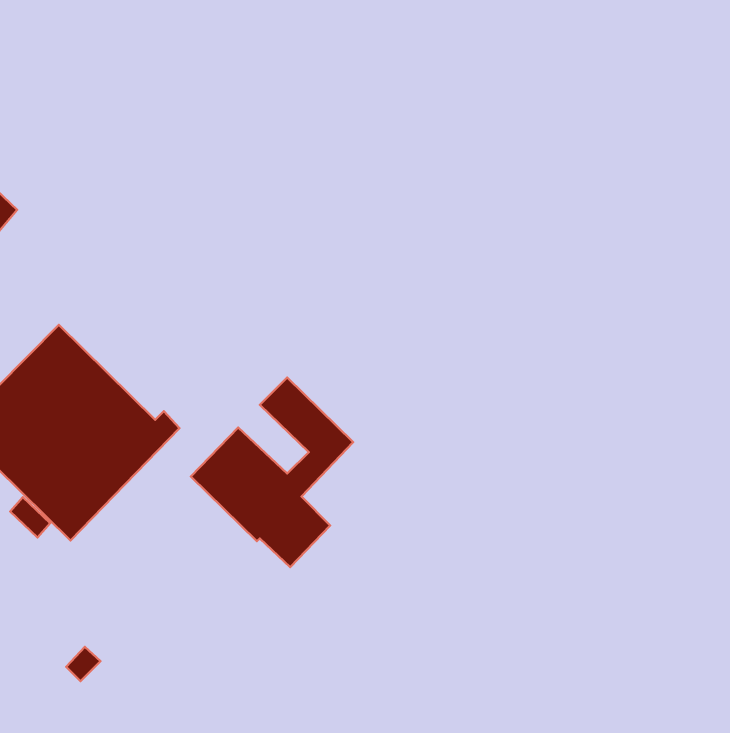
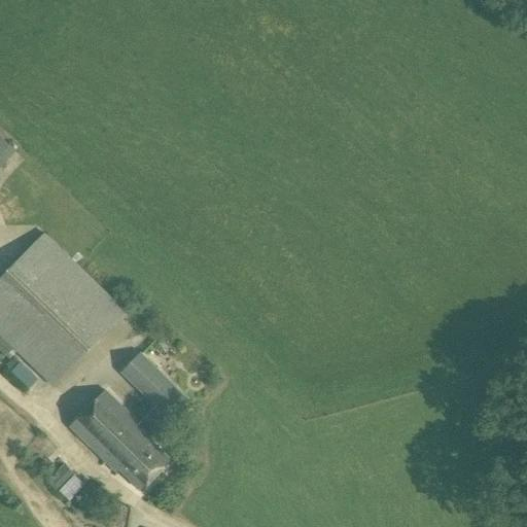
building: [191,377,353,567] -> [68,353,184,489]

